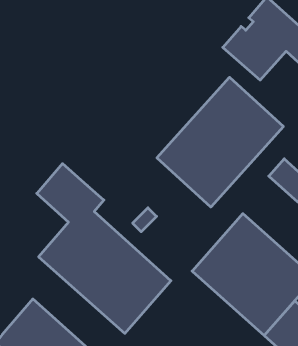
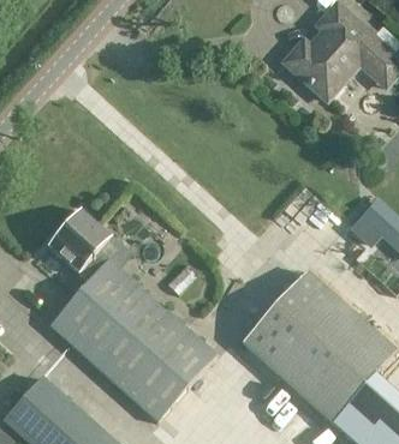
building: [157,77,283,207] -> none

